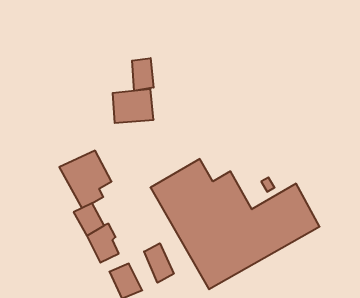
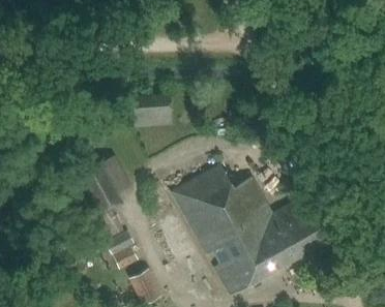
building: [132,58,154,91] -> none
building: [144,243,174,283] -> none

